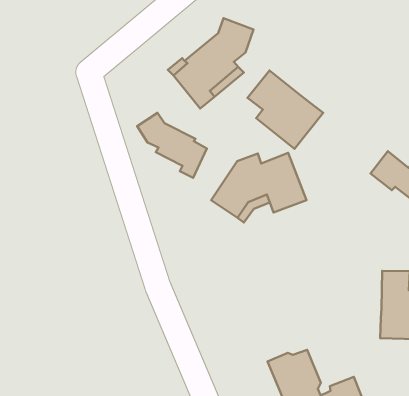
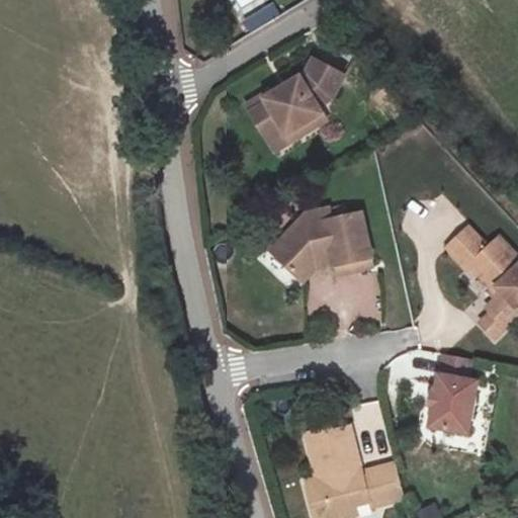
building: [248,70,323,149] -> none
building: [137,113,207,178] -> none

